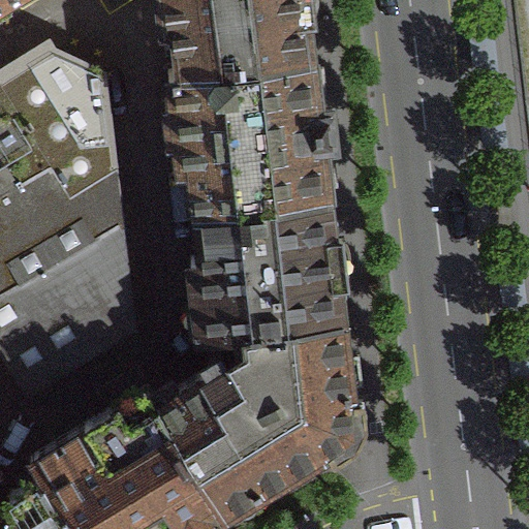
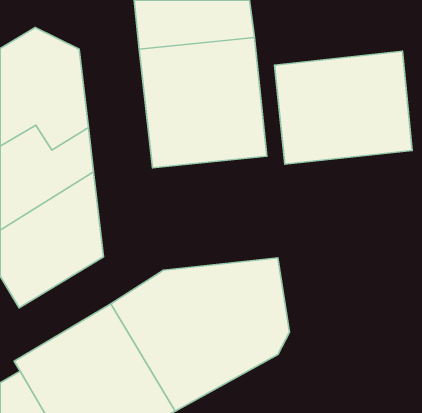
building: none -> [274,51,412,164]
building: [194,210,349,351] -> none

